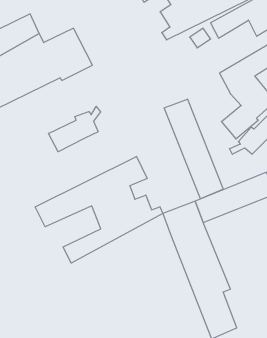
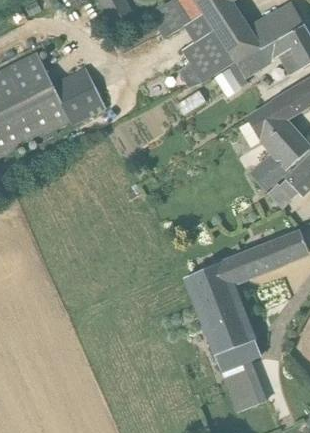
building: [164,99,223,199] -> none
building: [48,106,101,152] -> none
building: [35,156,163,263] -> none

